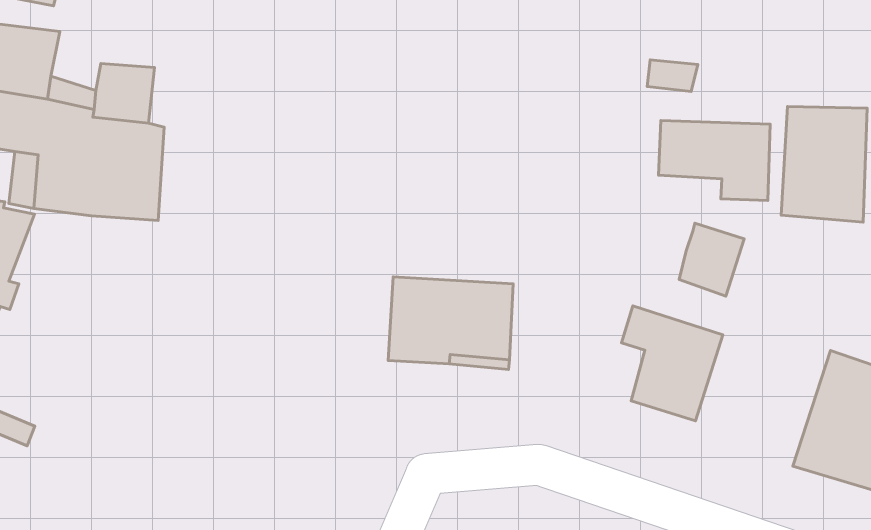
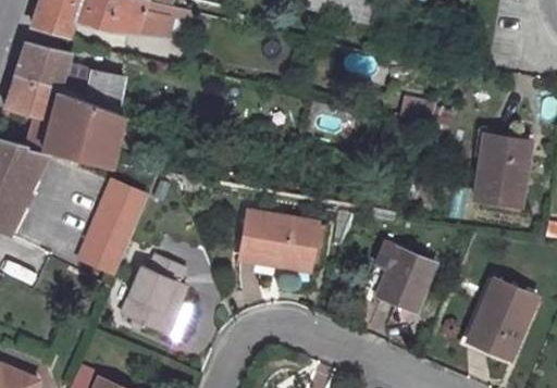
building: [658,120,770,201] -> none
building: [679,223,744,296] -> none
building: none -> [75,177,148,276]
building: none -> [122,253,185,333]

